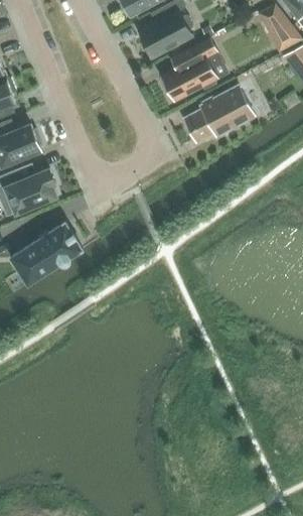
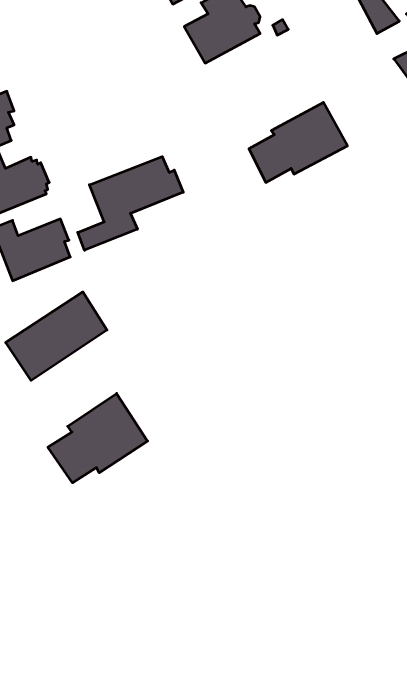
building: [161,37,221,100] -> none
building: none -> [78,157,183,250]
building: none -> [48,393,148,483]

